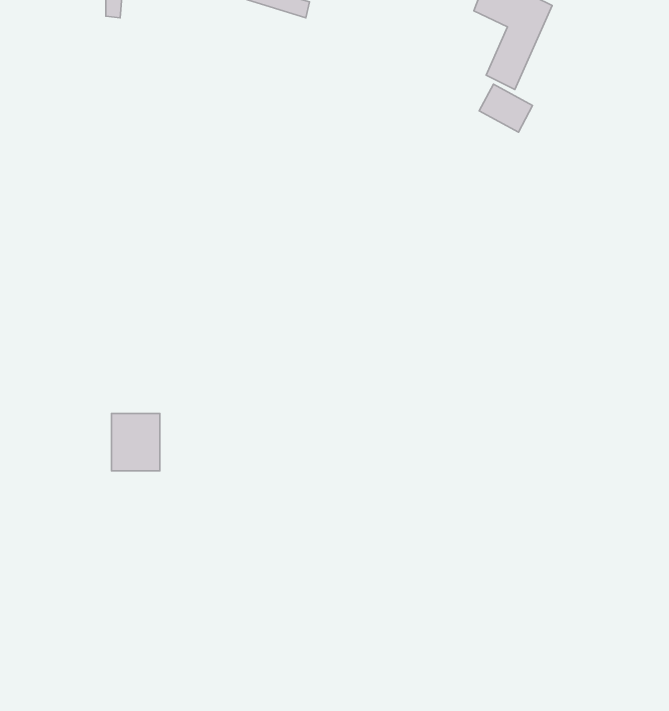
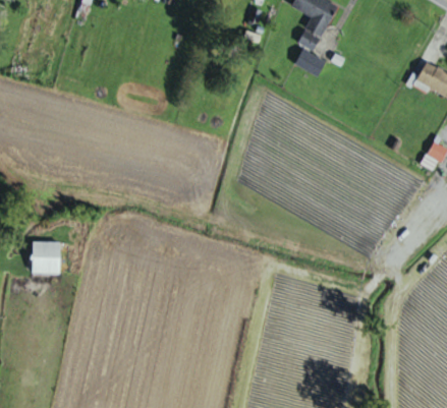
building: [112,414,160,471] -> [33,241,60,274]

